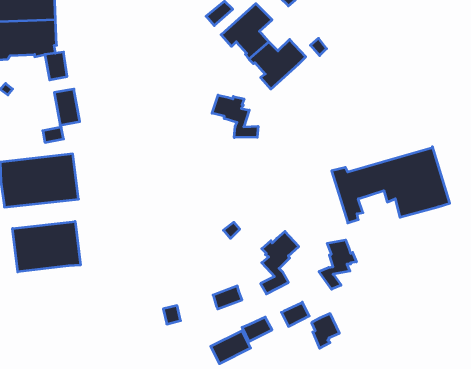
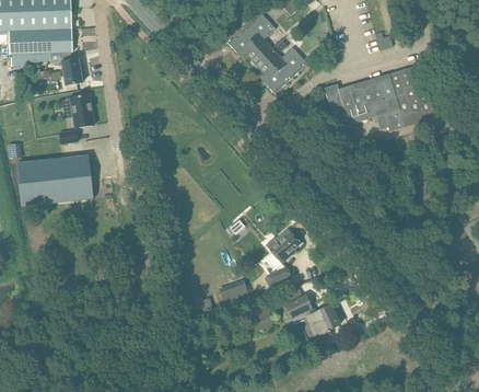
building: [212,95,258,138] -> none
building: [332,147,450,223] -> [324,64,435,136]
building: [13,221,80,272] -> none
building: [319,240,356,289] -> none
building: [211,331,251,364] -> none

